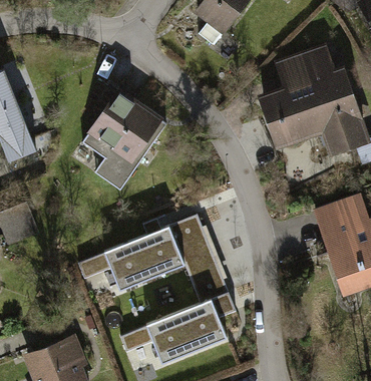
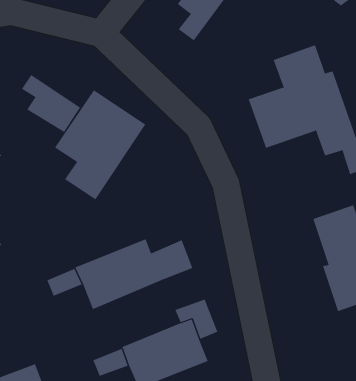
building: none -> [21,74,81,133]
building: [183,252,223,290] -> none

